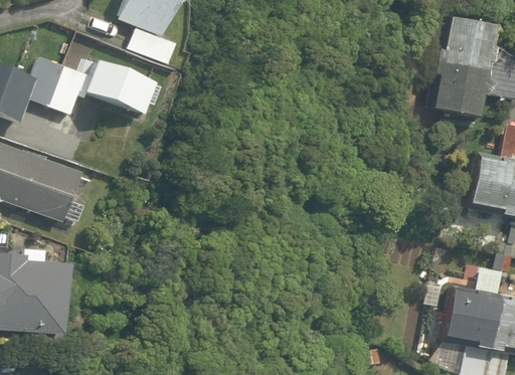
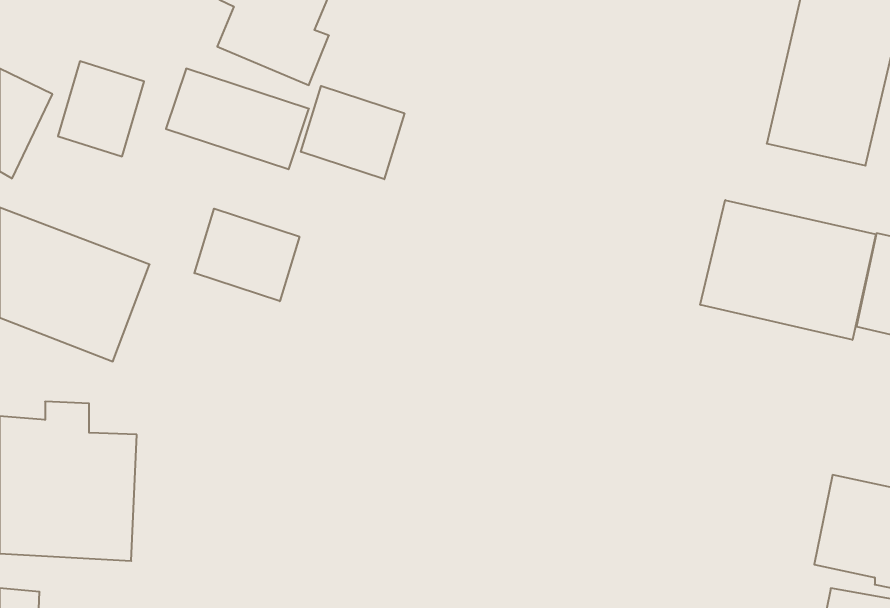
building: none -> [301,86,404,179]
building: none -> [700,200,876,340]
building: none -> [194,209,299,301]

